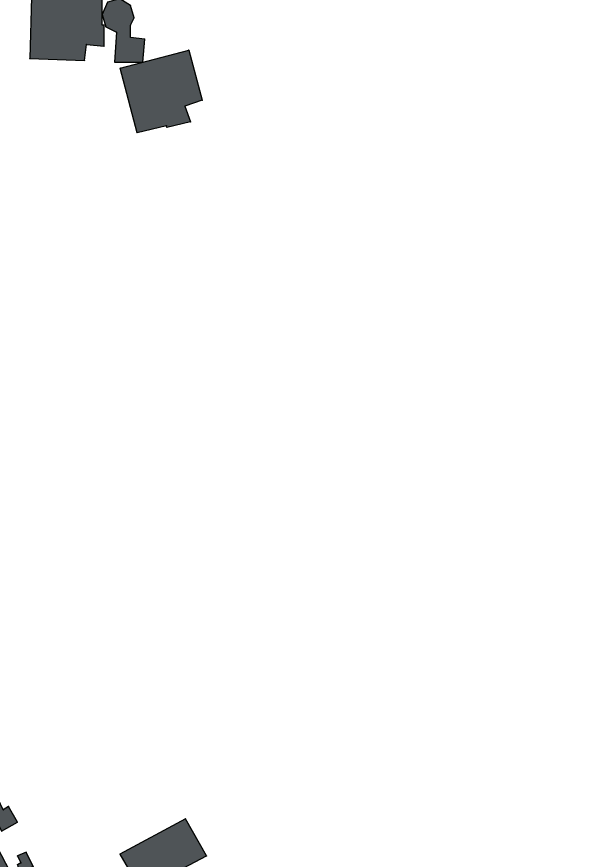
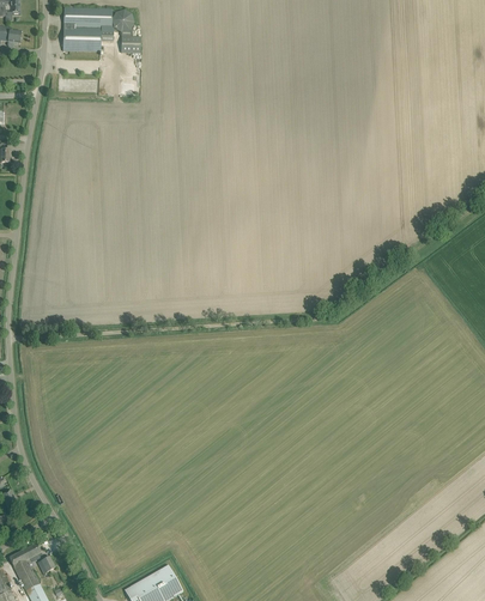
building: [120,50,202,133] -> none

